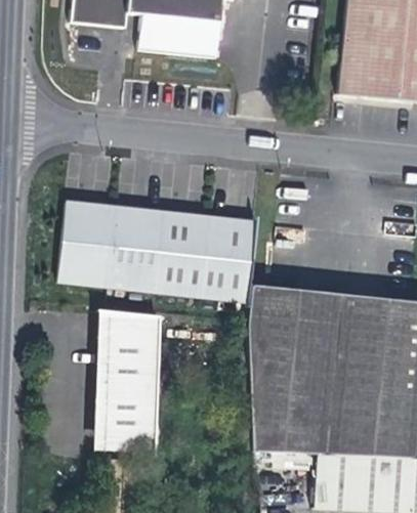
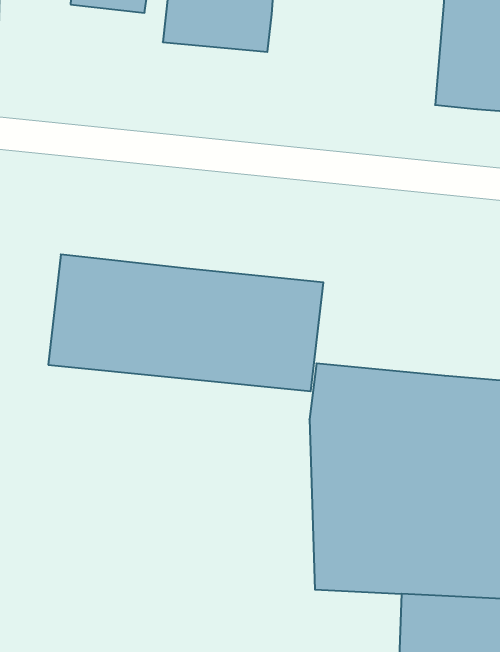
building: [106,312,160,444] -> none

